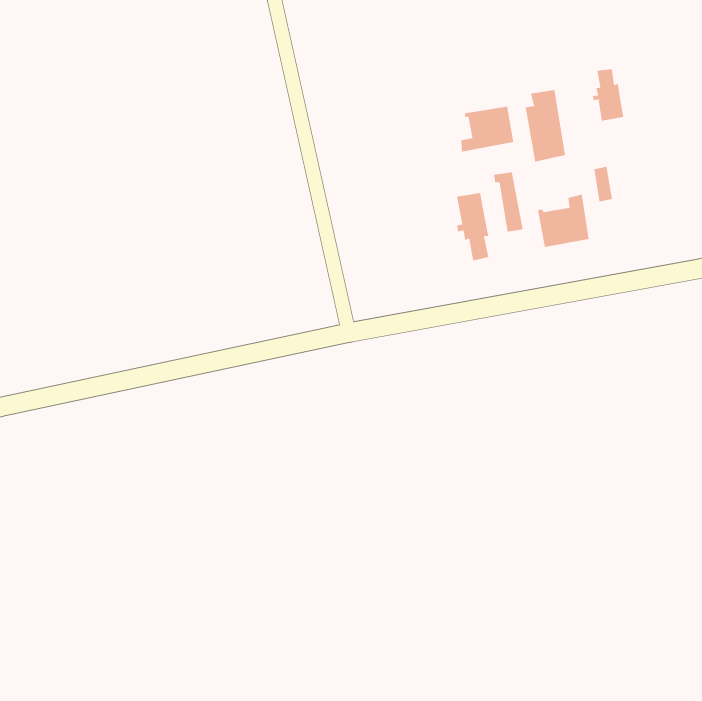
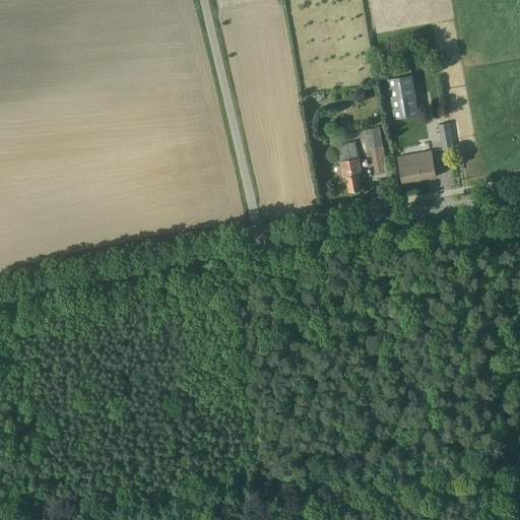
building: [592,68,624,122] -> none
building: [461,106,514,152] -> none

